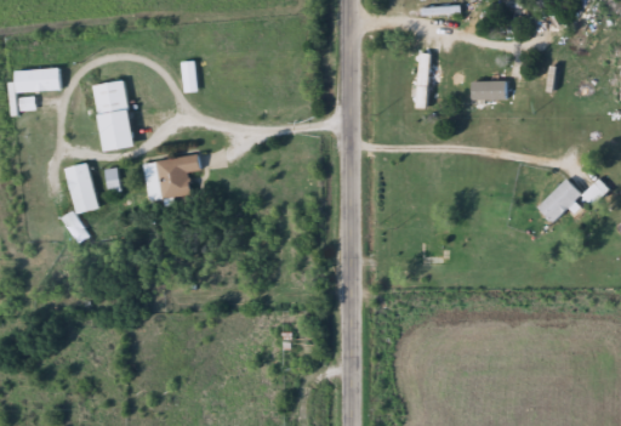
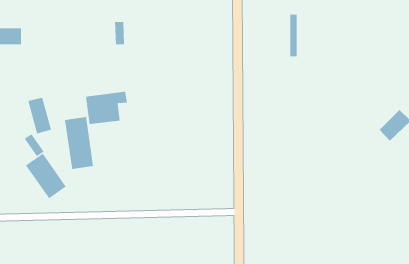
building: [93,79,133,150] -> [64,116,94,170]
building: [471,80,505,100] -> none
building: none -> [25,153,67,199]

